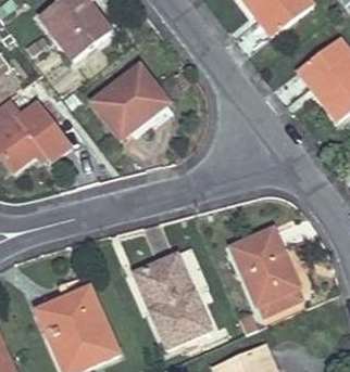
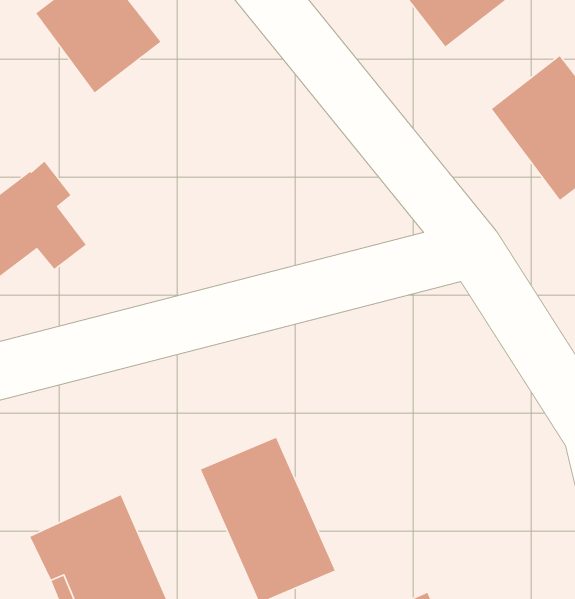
building: [92,65,167,138] -> none
building: [232,228,301,312] -> none

